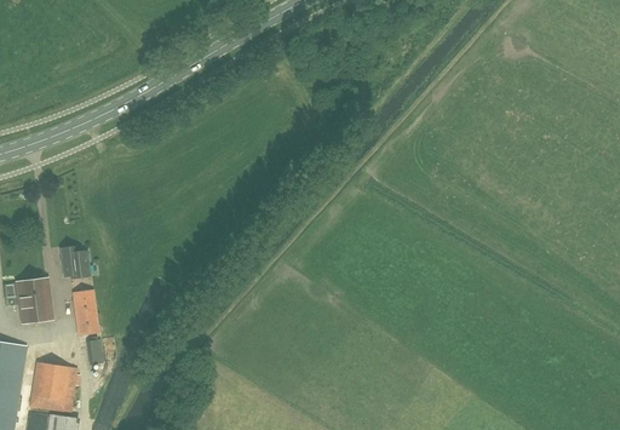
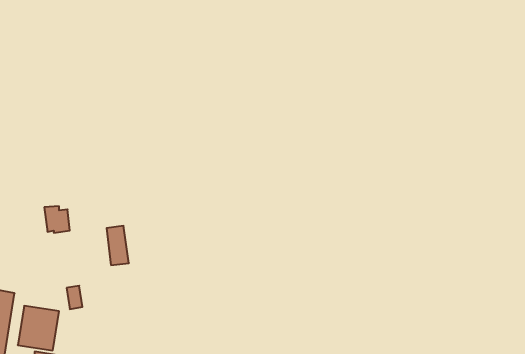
building: [17,279,52,322] -> none
building: [74,289,99,334] -> [107,226,129,265]

